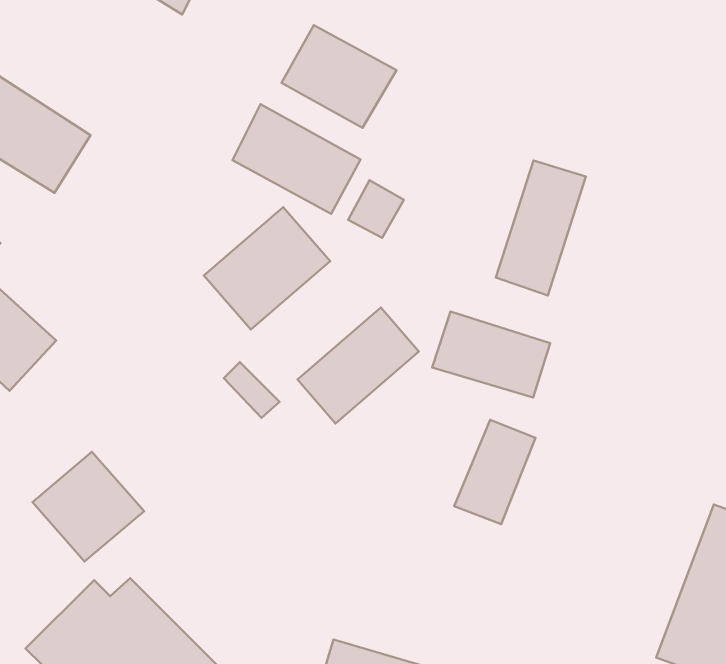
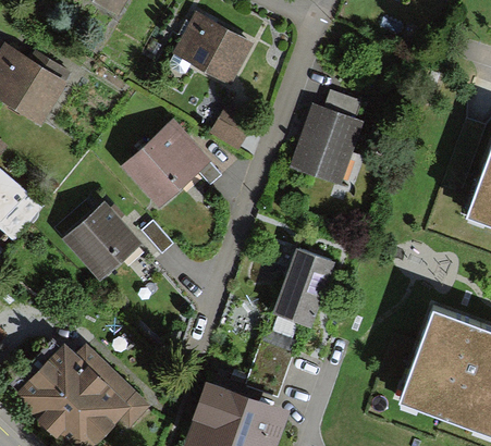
building: [233,104,360,214] -> none
building: [297,307,419,424] -> none
building: [432,311,550,398] -> none
building: [32,452,144,562] -> [65,209,133,275]

